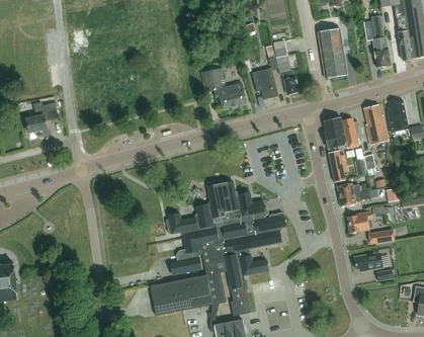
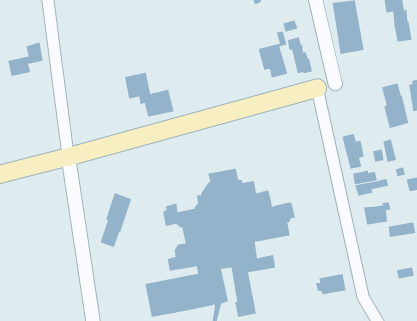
building: [201,68,247,108] -> [124,72,175,117]
building: [26,101,59,133] -> [8,42,43,77]
building: [324,116,358,148] -> none
building: none -> [100,192,132,248]
building: [355,251,384,270] -> [315,274,347,295]

